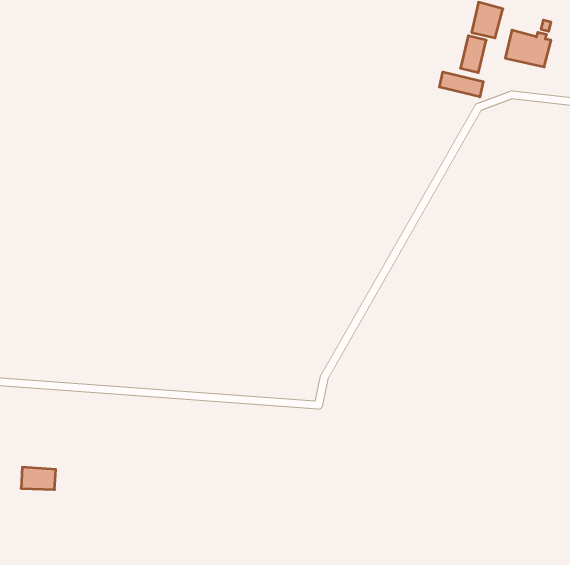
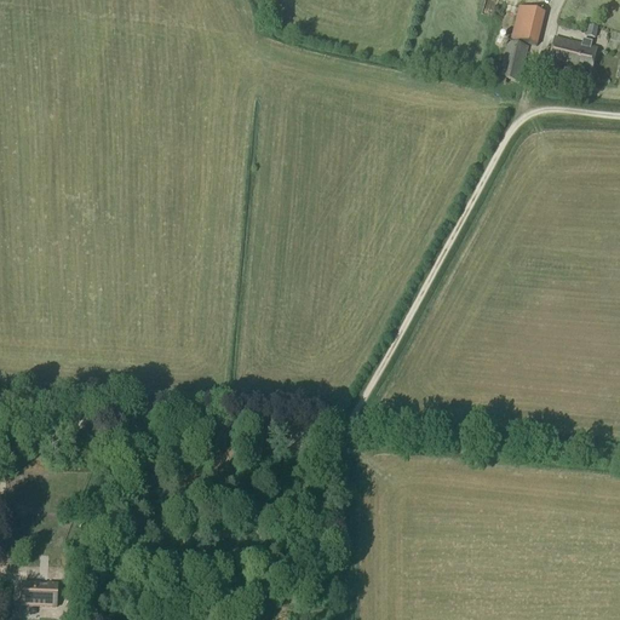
building: [439,72,483,97] -> none
building: [21,467,56,490] -> [22,579,59,603]

